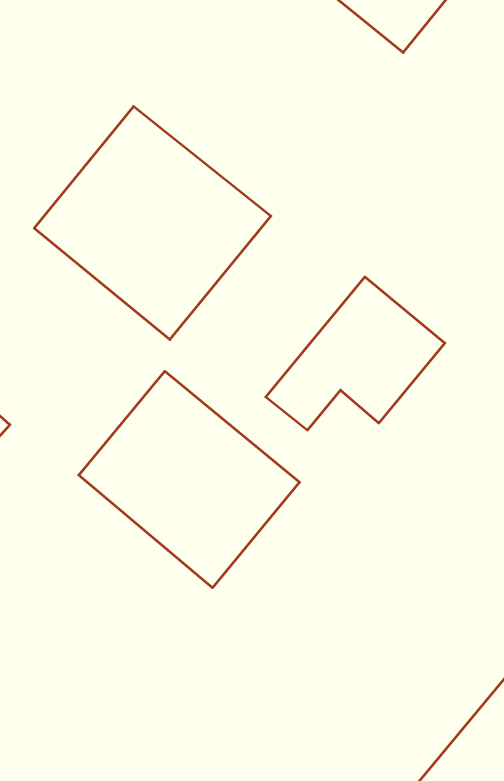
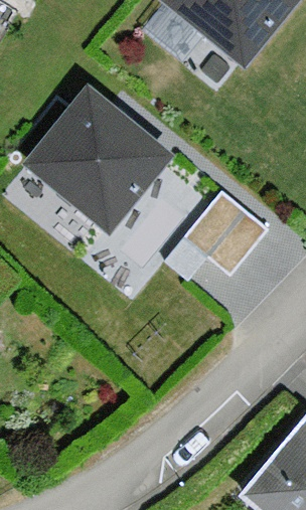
building: [79,371,300,588] -> none

